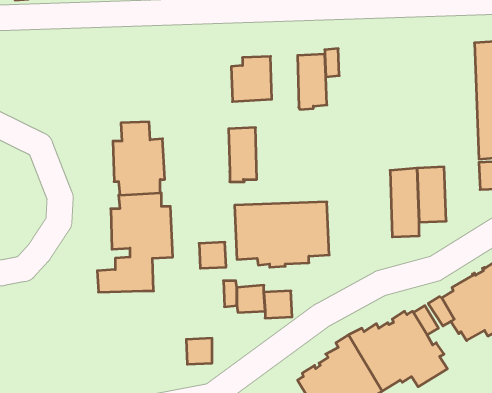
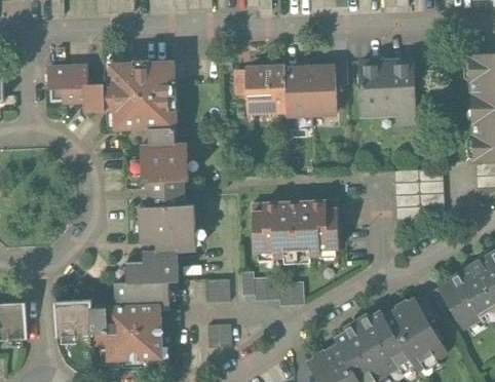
building: none -> [358,60,415,123]
building: none -> [47,62,176,129]
building: [229,128,257,182] -> [284,67,310,116]
building: [199,242,226,268] -> [205,279,230,303]
building: none -> [53,281,169,360]

